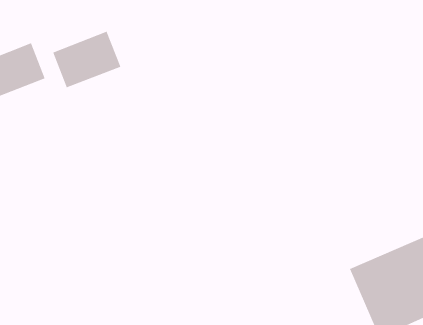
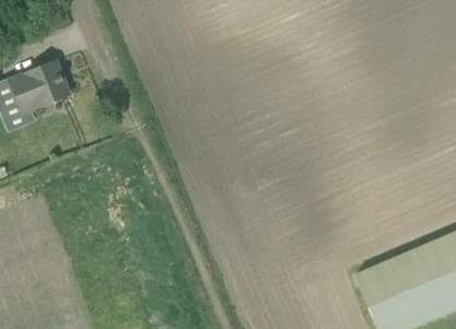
building: [52,31,121,88] -> none

